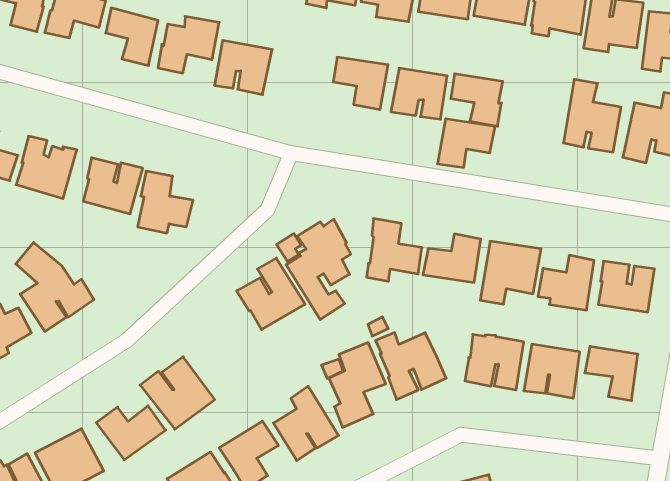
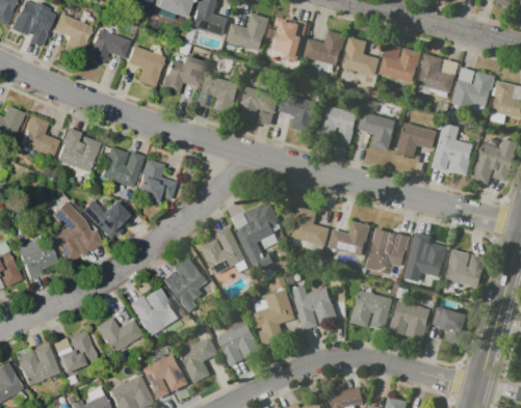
building: none -> [236,86,279,126]
building: [437,119,495,167] -> [395,123,437,157]
building: none -> [81,199,133,238]
building: none -> [161,259,207,311]

